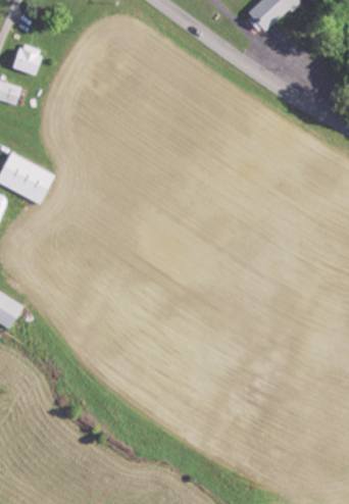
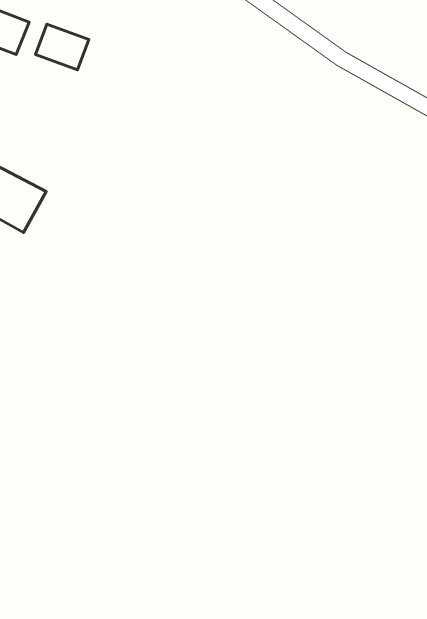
building: none -> [35,24,89,70]

